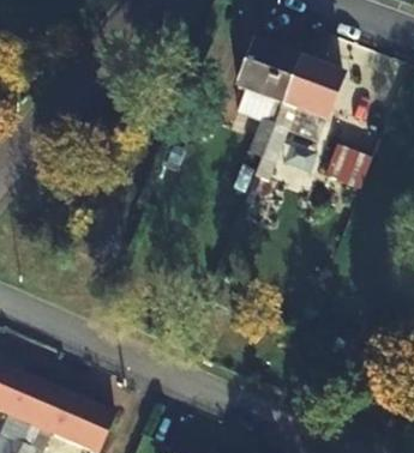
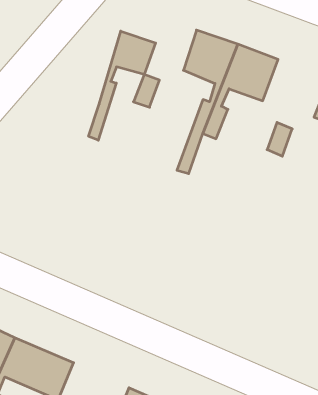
building: none -> [89,31,156,140]

